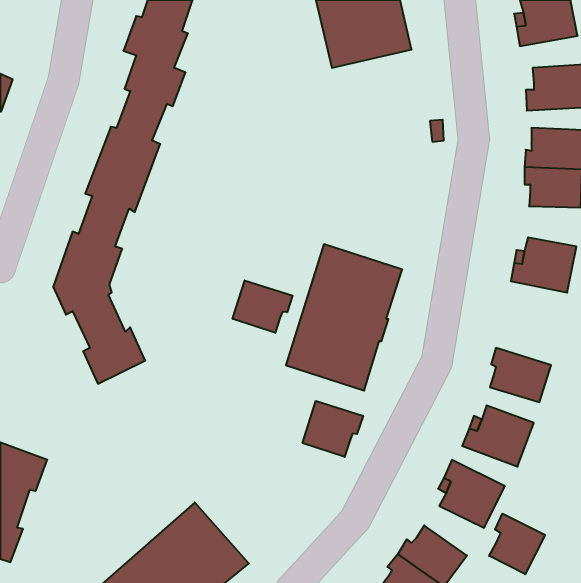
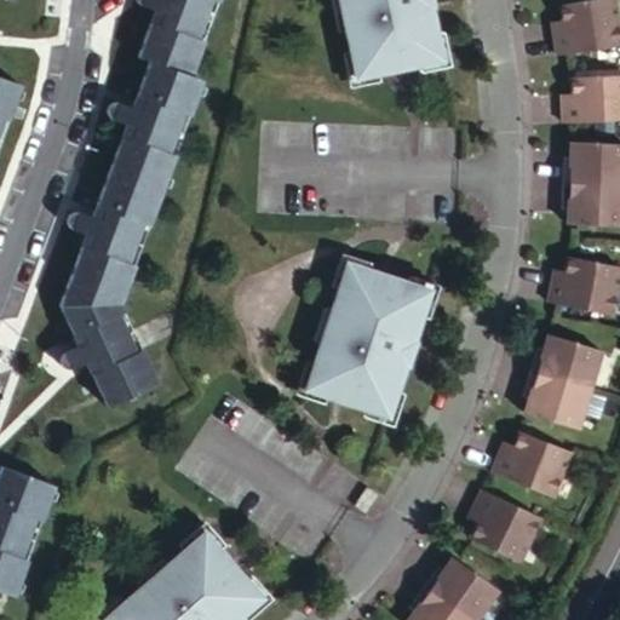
building: [233,280,293,333] -> none
building: none -> [529,334,599,390]
building: [303,401,363,457] -> none
building: [489,514,545,574] -> none

